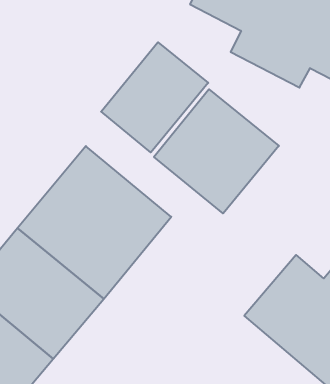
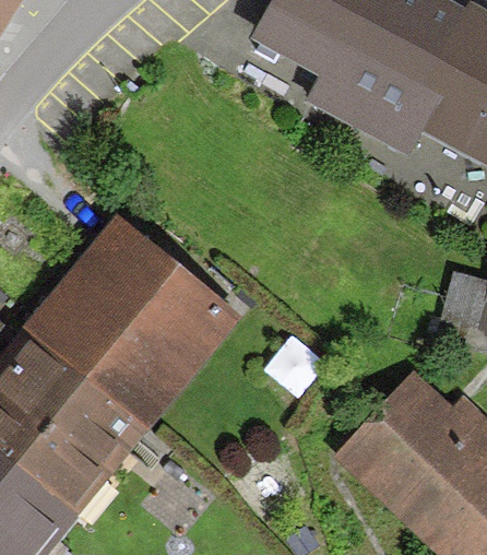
building: [101,42,208,152] -> none
building: [154,89,279,213] -> none

